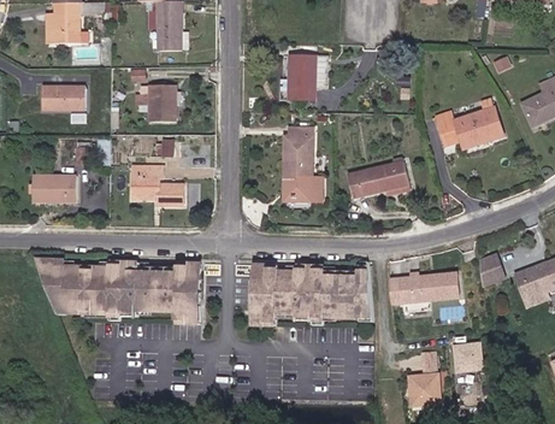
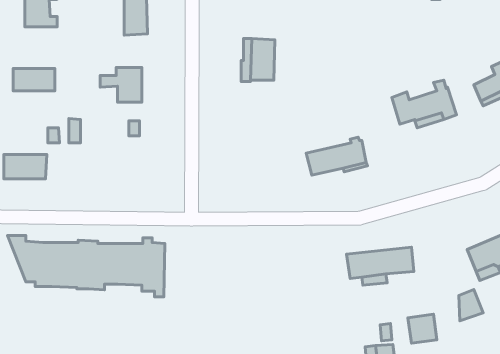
building: [284,128,321,200] -> none
building: [132,166,183,205] -> none
building: [479,254,504,287] -> [459,290,483,321]
building: [253,261,373,325] -> none

